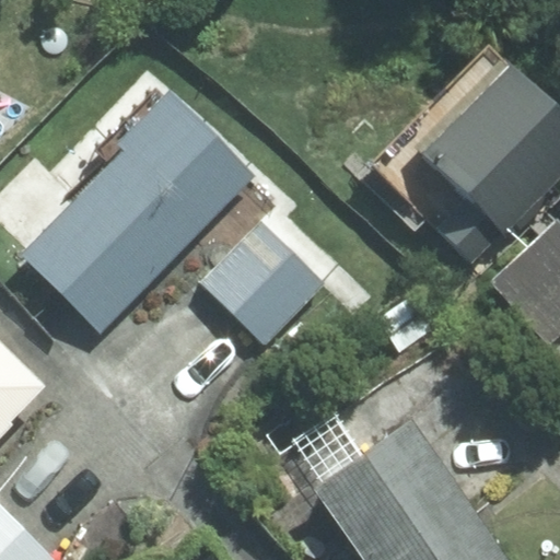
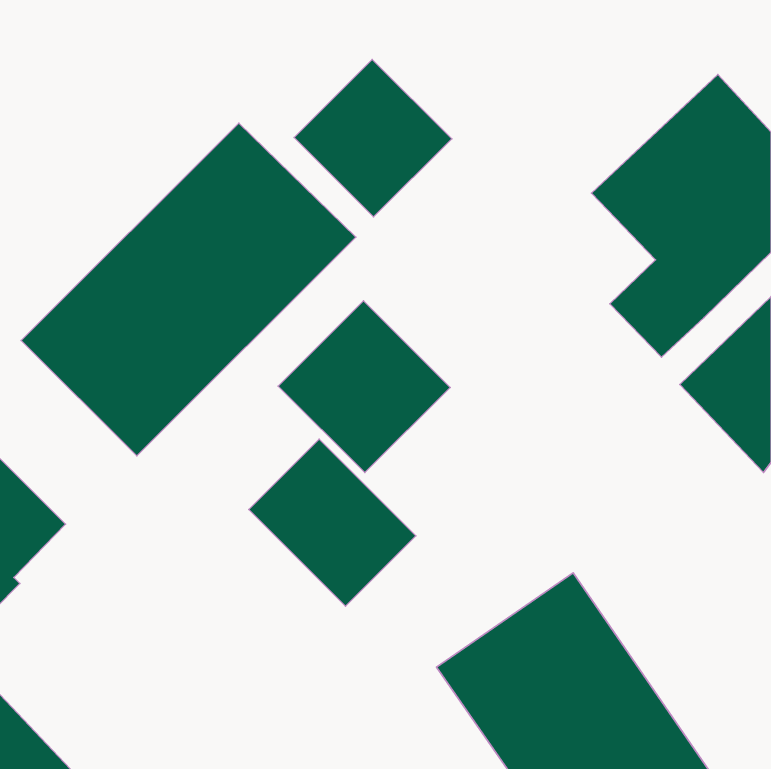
building: none -> [294,59,452,217]
building: none -> [249,439,416,606]

